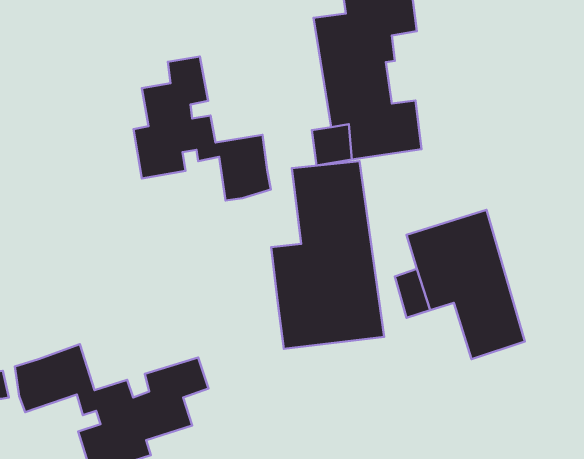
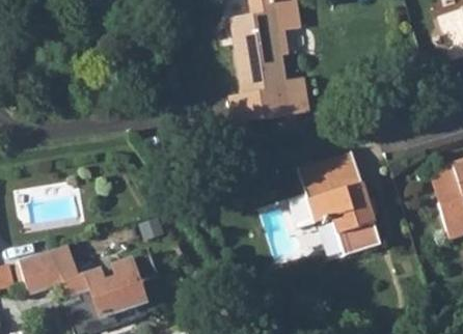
building: [133,57,271,201] -> none
building: [271,161,384,349] -> none

